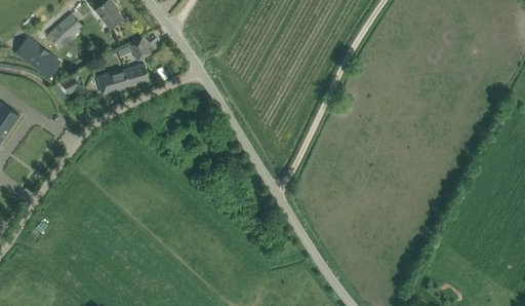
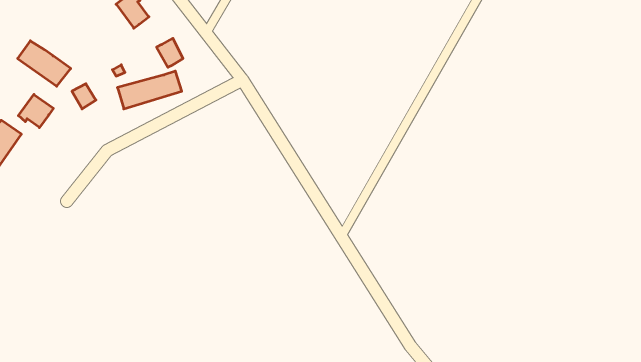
building: [47,13,83,48] -> none
building: none -> [18,94,53,128]

